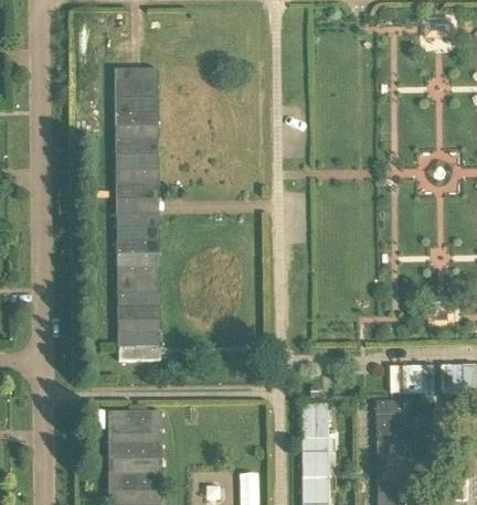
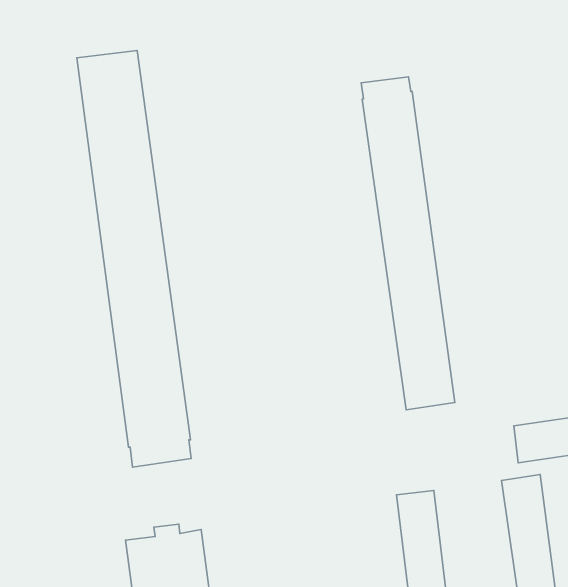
building: none -> [361,77,455,410]

